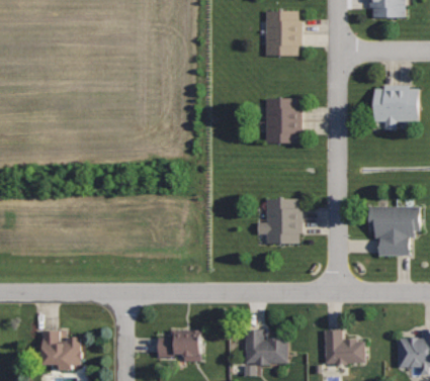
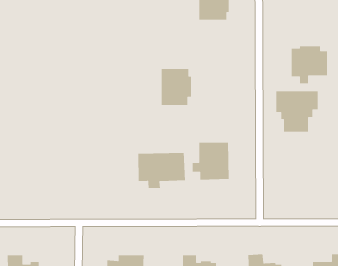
building: [265,99,302,144] -> [161,68,192,106]
building: [368,206,419,256] -> [275,90,318,133]
building: none -> [137,152,186,189]

